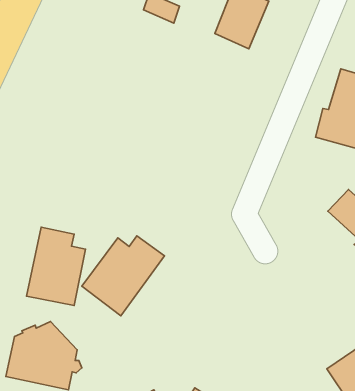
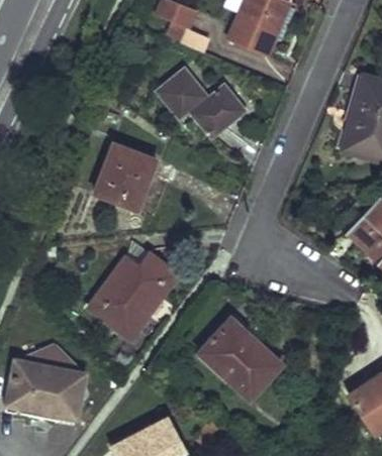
building: none -> [157,71,246,131]
building: none -> [94,145,156,209]
building: [26,227,85,306] -> none
building: none -> [199,320,282,400]

